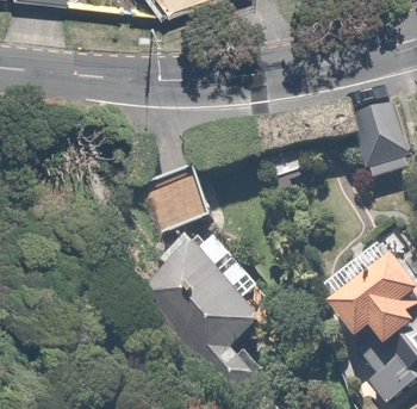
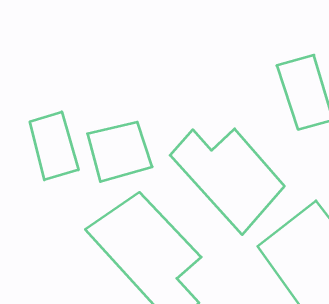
building: none -> [30,112,78,180]
building: none -> [170,129,284,235]

